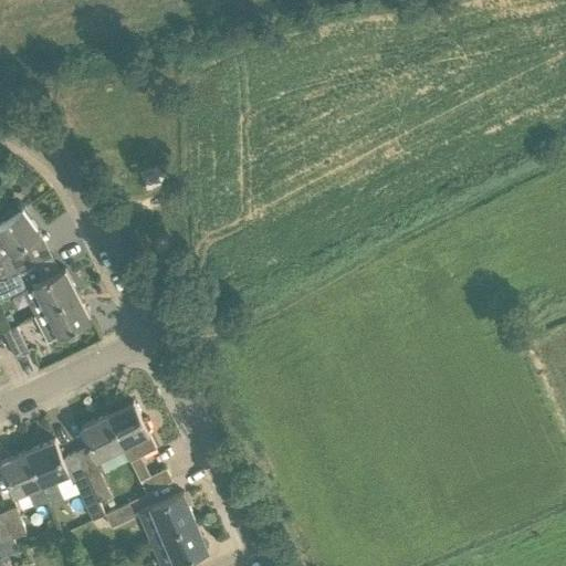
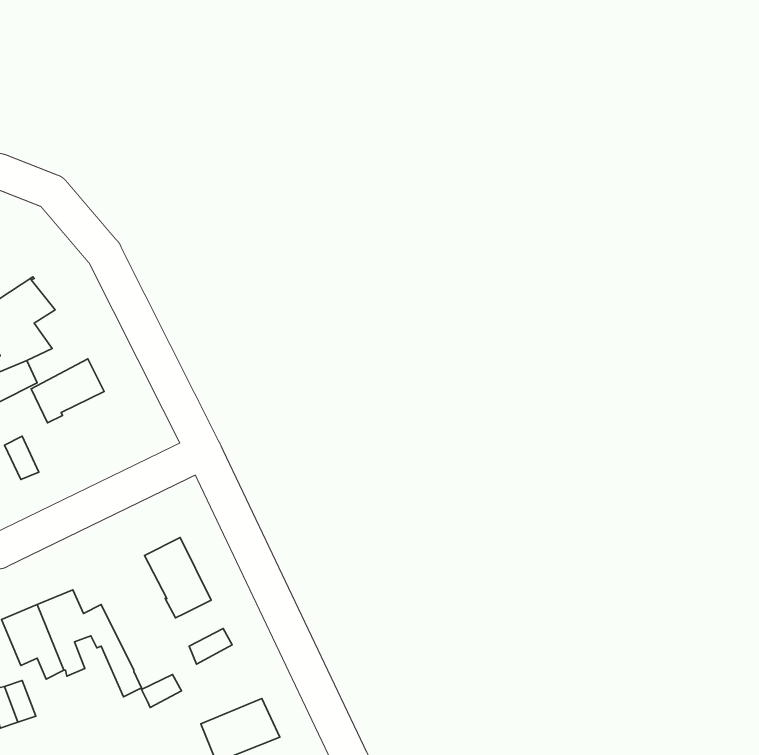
building: [34,295,92,344] -> none
building: [75,417,124,503] -> none
building: [137,495,195,542] -> none

